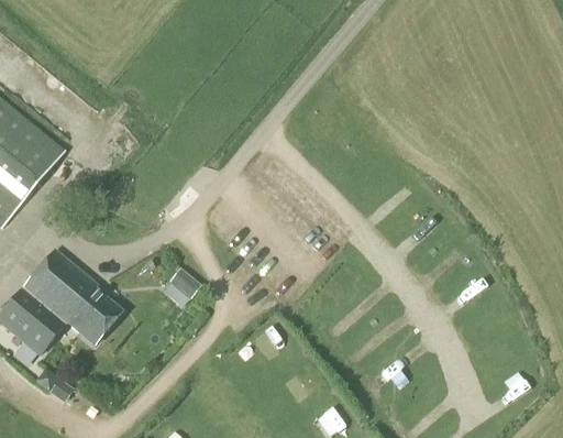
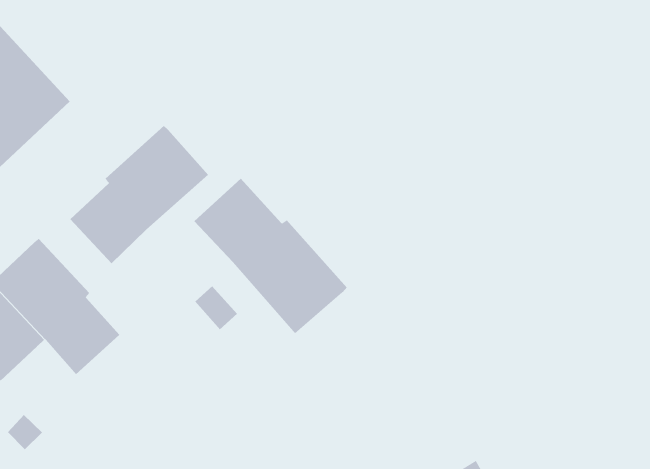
building: none -> [70,125,209,264]
building: none -> [193,178,348,334]

